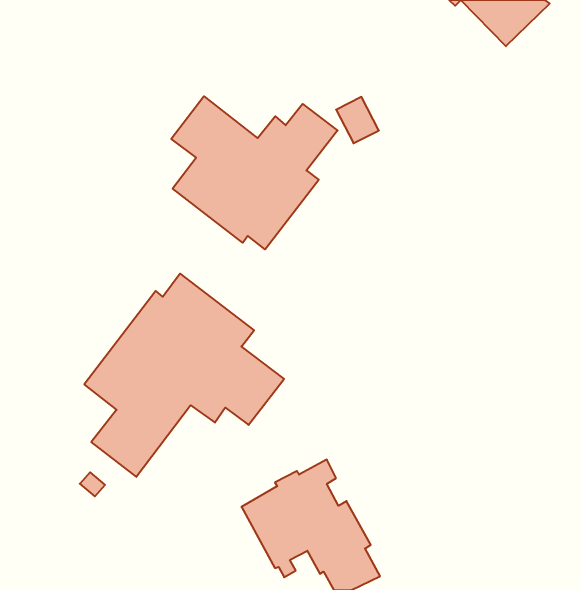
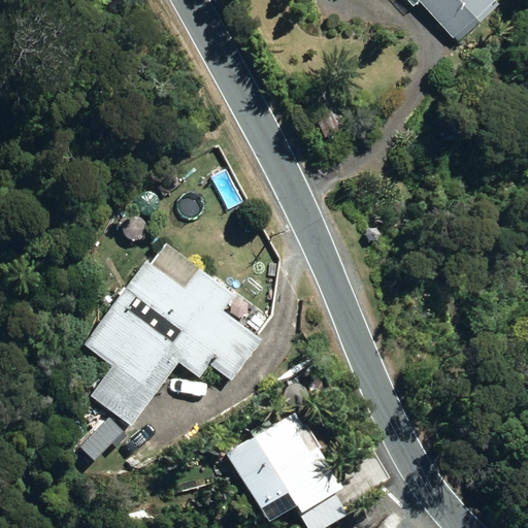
building: [171,96,338,249] -> none

